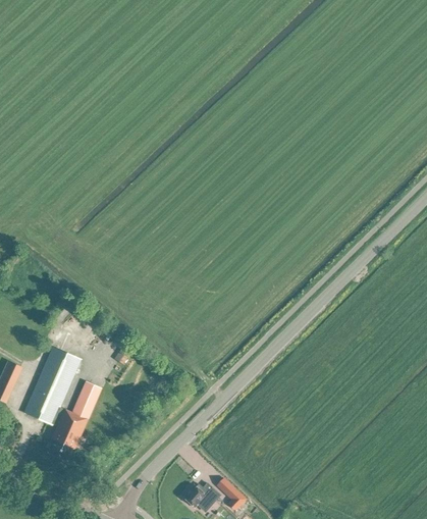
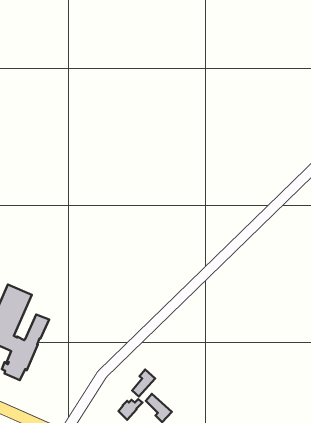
building: none -> [132,369,155,397]

